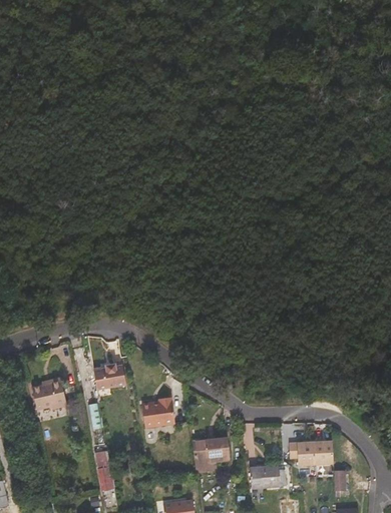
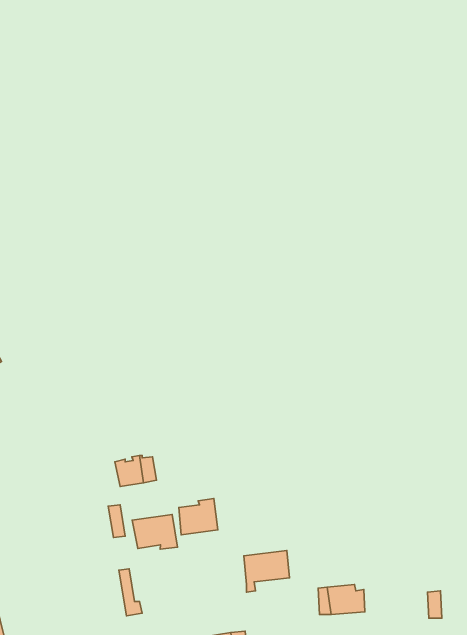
building: [33,377,66,408] -> none
building: none -> [132,514,178,549]
building: [290,439,333,465] -> none

